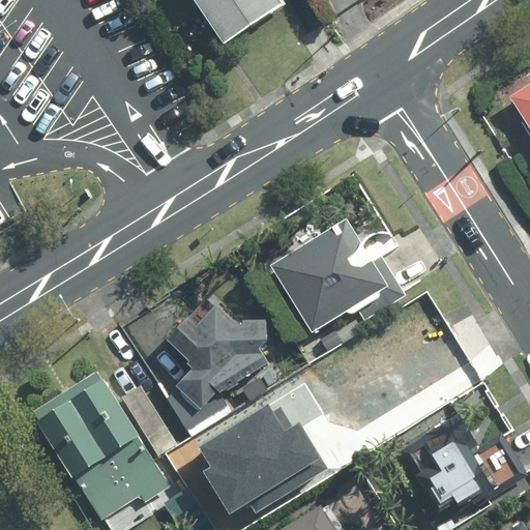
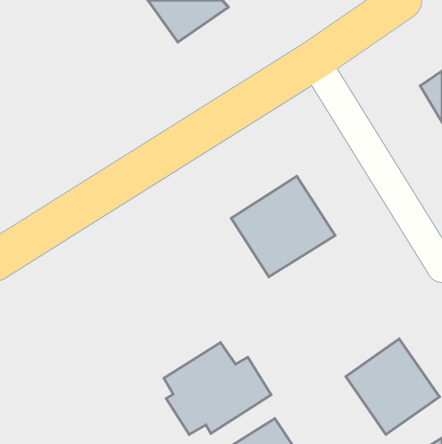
building: [171,305,274,407] -> none
building: [33,371,168,522] -> none

